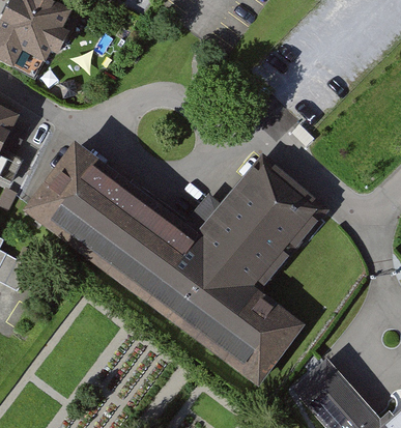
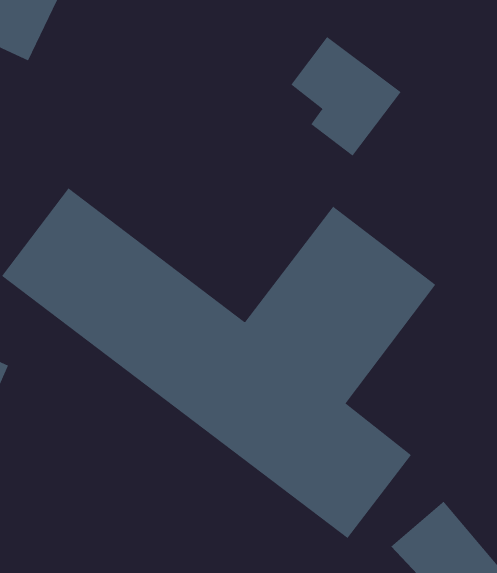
building: none -> [290,36,402,157]

